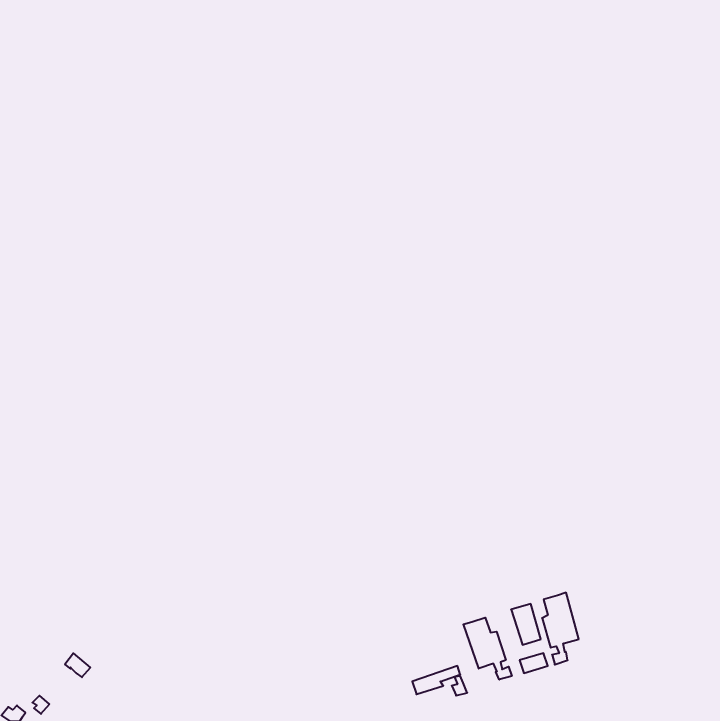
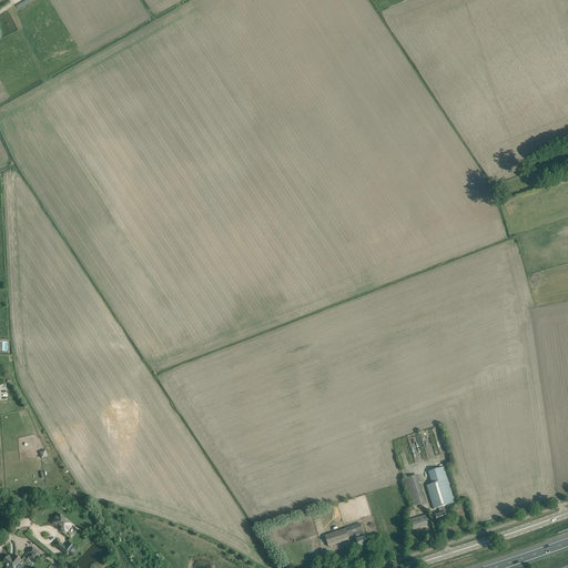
building: [463,618,512,680] -> none

